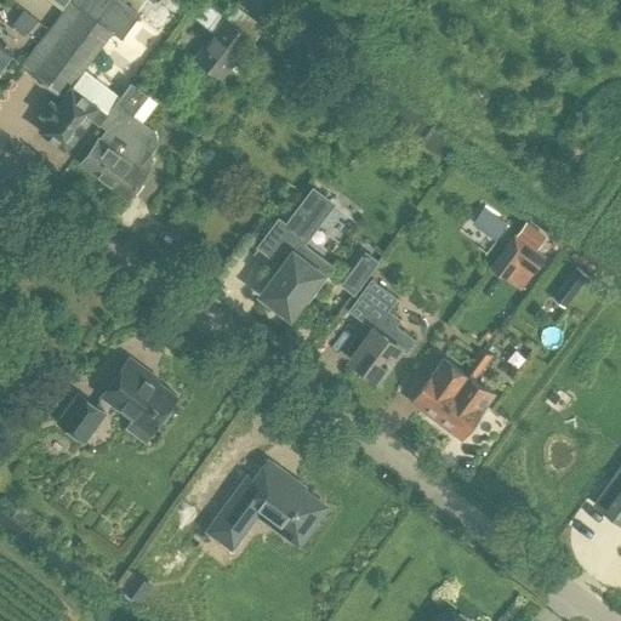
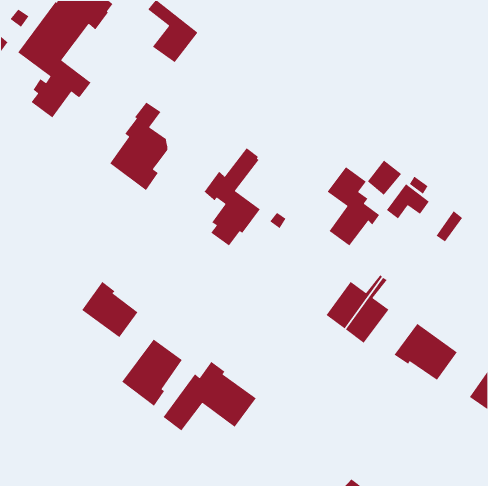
building: [82,85,158,199] -> [109,101,168,191]
building: [349,278,417,380] -> [327,166,380,246]
building: [59,397,104,441] -> none
building: none -> [393,323,458,381]
building: none -> [121,339,183,407]

